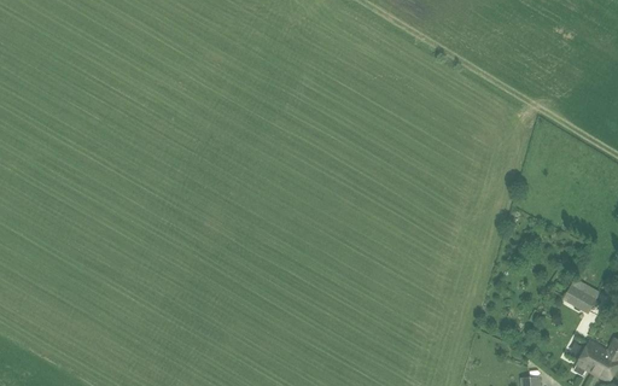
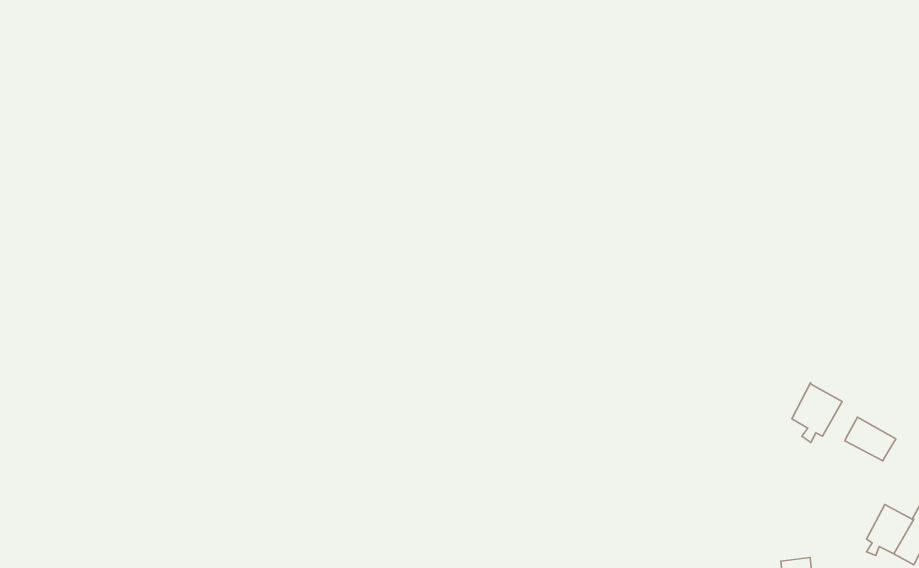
building: none -> [792,383,842,443]

